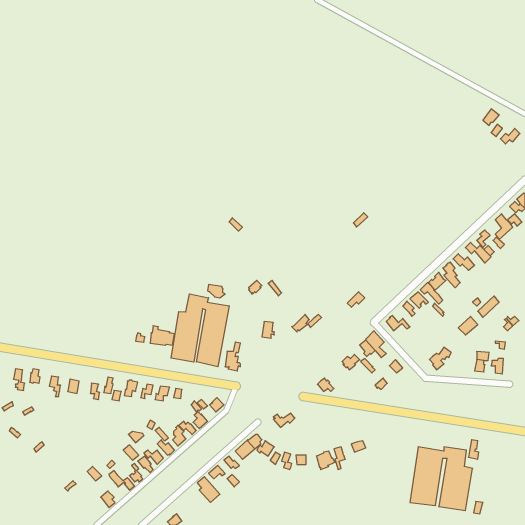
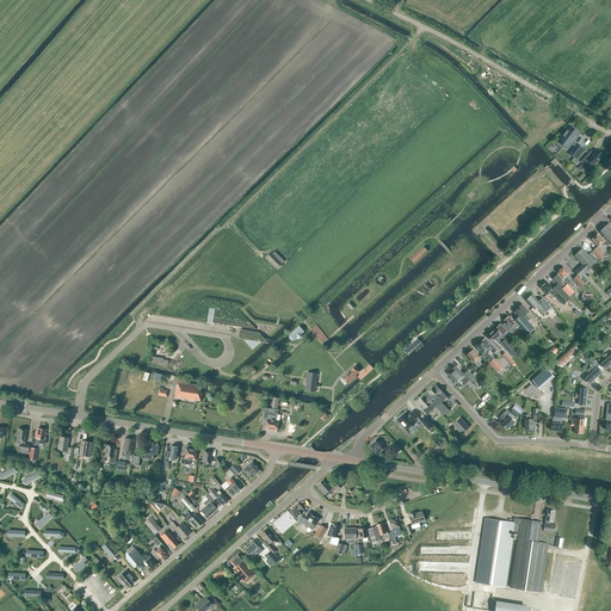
building: [171,294,229,367] -> none

